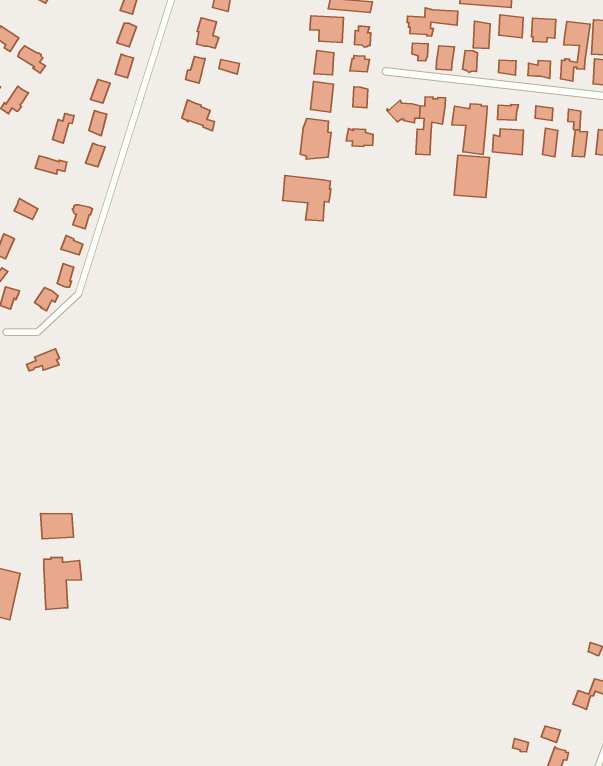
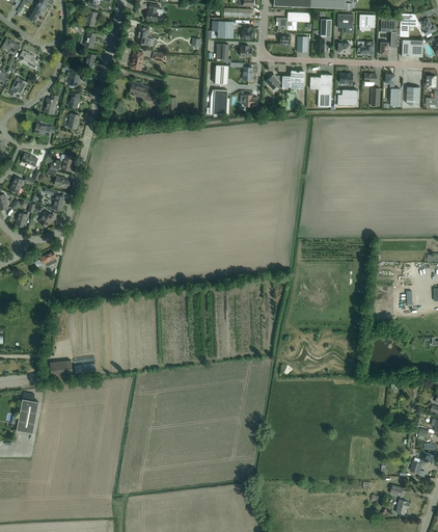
building: [454,155,489,198] -> none
building: [283,176,331,221] -> none
building: [44,557,81,610] -> none

